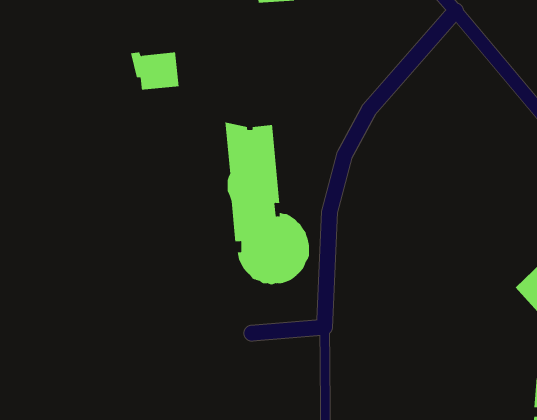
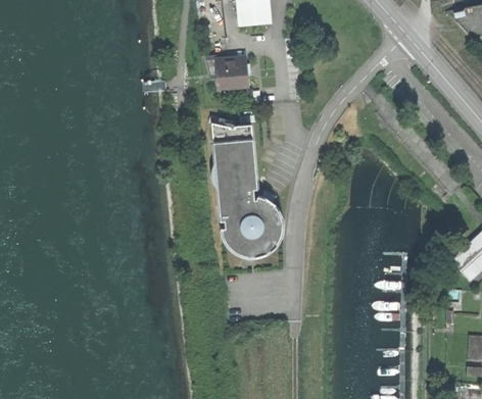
building: [130,52,180,90] -> [207,56,248,88]

